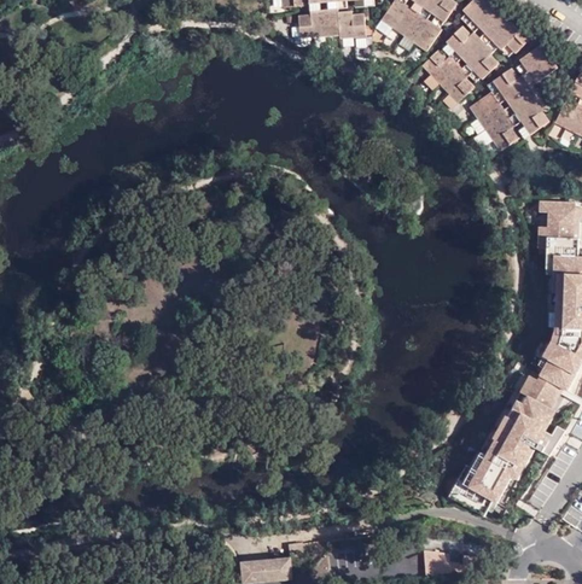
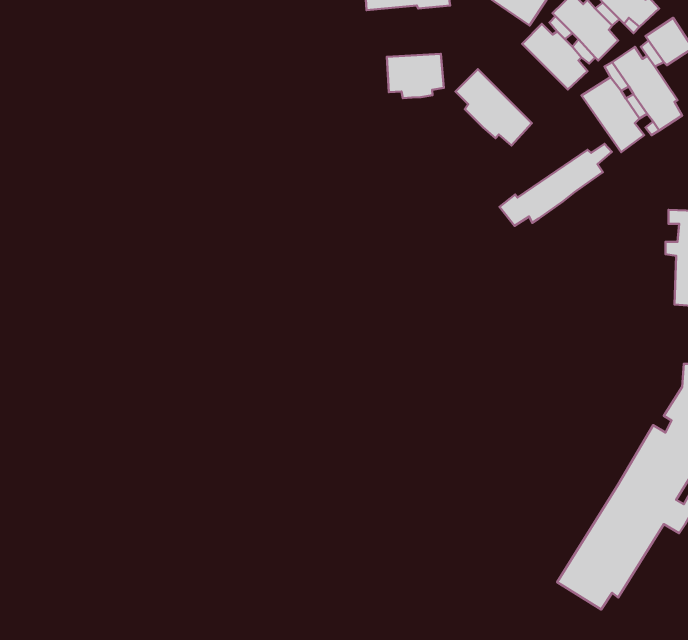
building: none -> [387,54,444,98]
building: none -> [456,69,532,145]
building: none -> [499,144,612,226]

